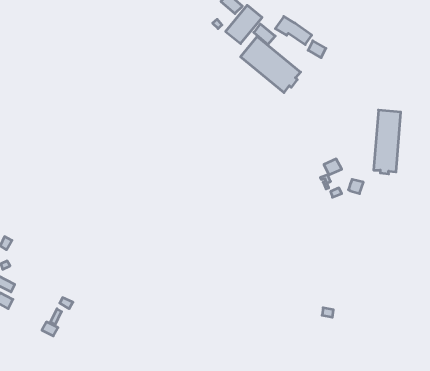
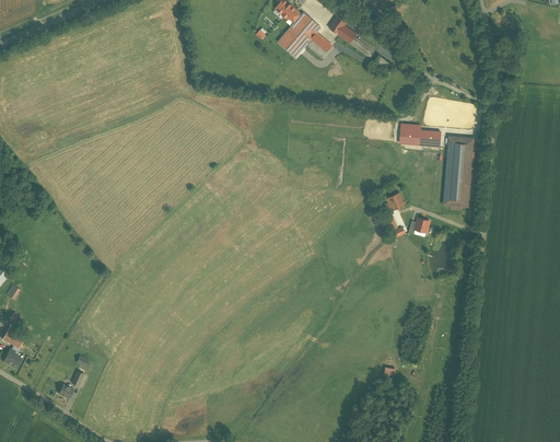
building: [241,37,301,93] -> none
building: none -> [399,123,442,147]

